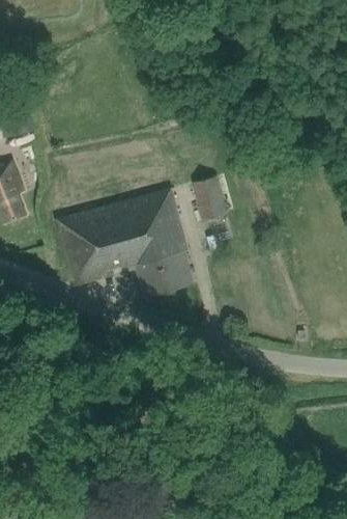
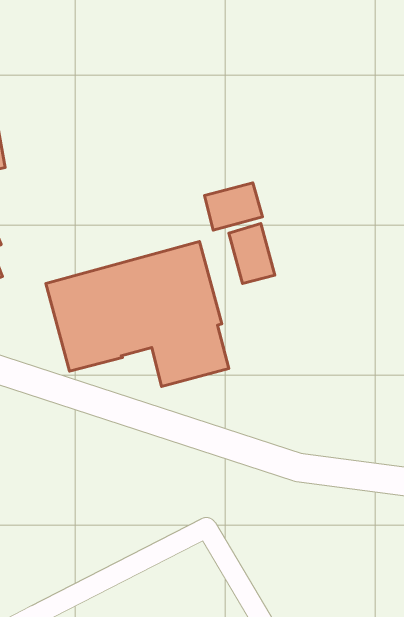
building: none -> [205,183,262,230]

